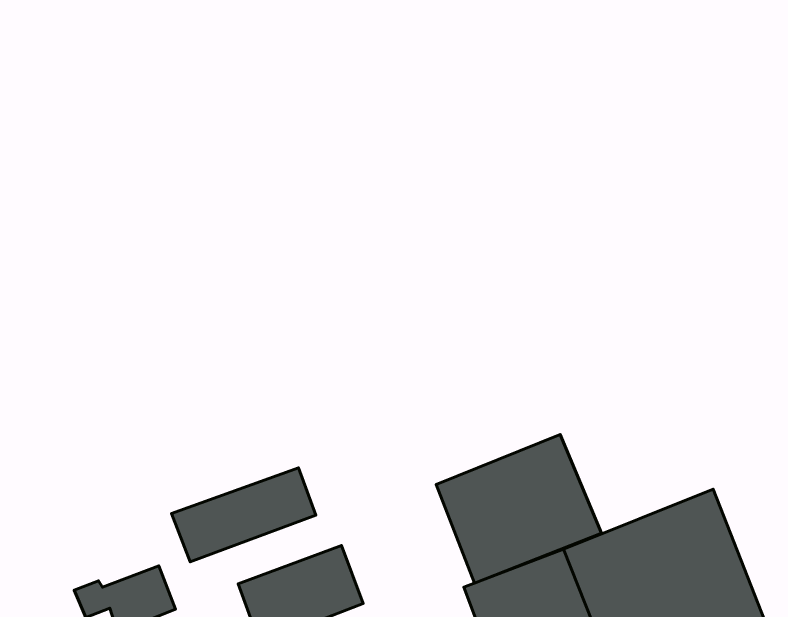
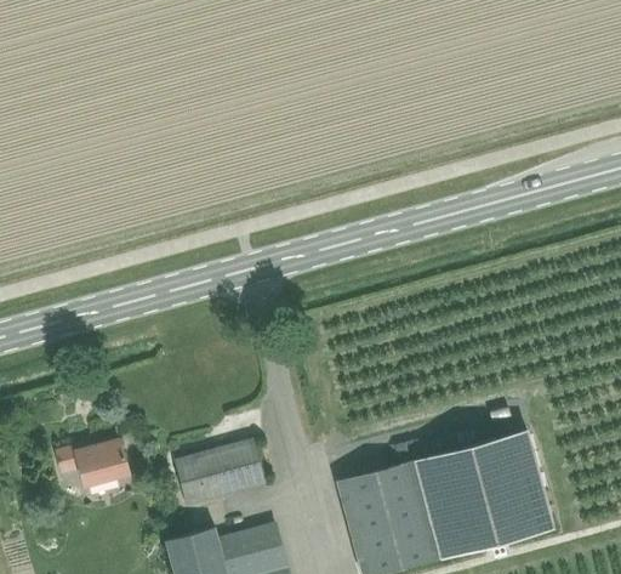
building: [436,435,601,583] -> none
building: [172,468,316,562] -> none

